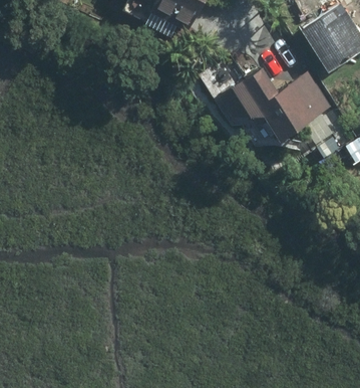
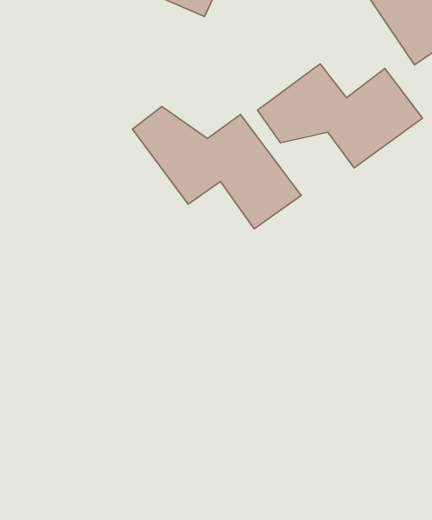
building: none -> [133,107,301,229]

